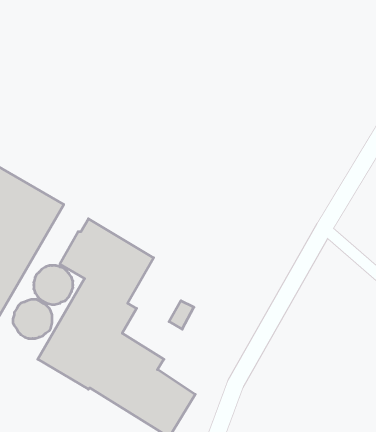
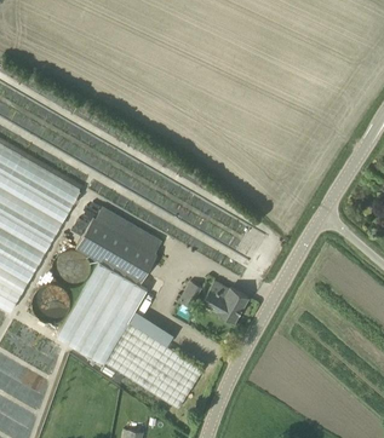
building: none -> [202,278,250,321]

